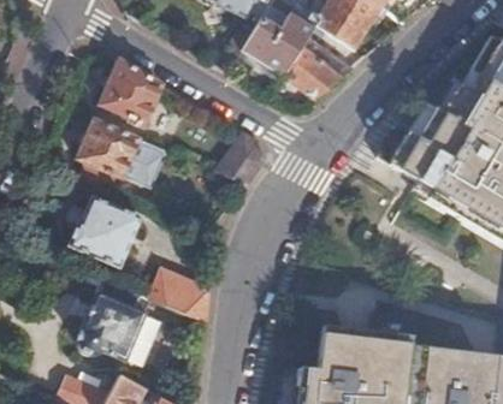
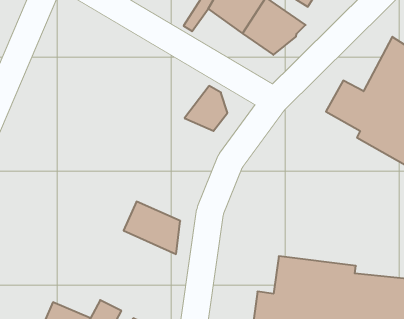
building: [101,59,160,120] -> none
building: [75,117,170,194] -> none
building: [69,196,141,267] -> none
building: [77,278,147,358] -> none

